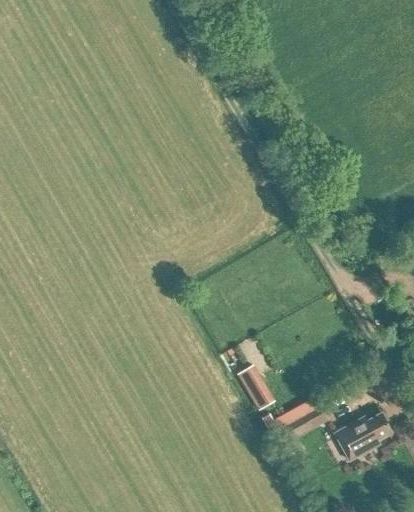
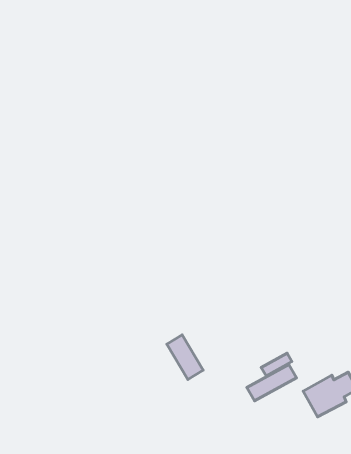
building: [238,364,276,411] -> [167,335,203,380]

